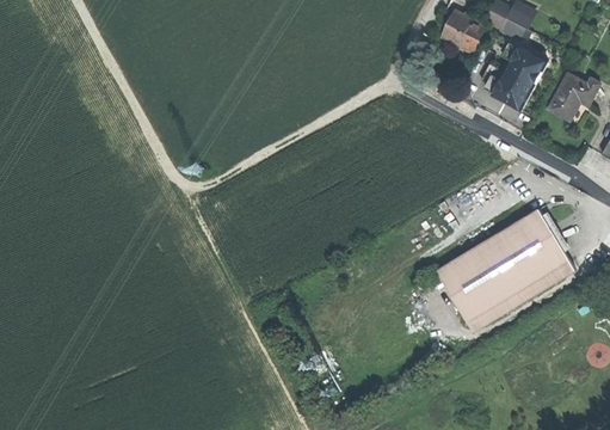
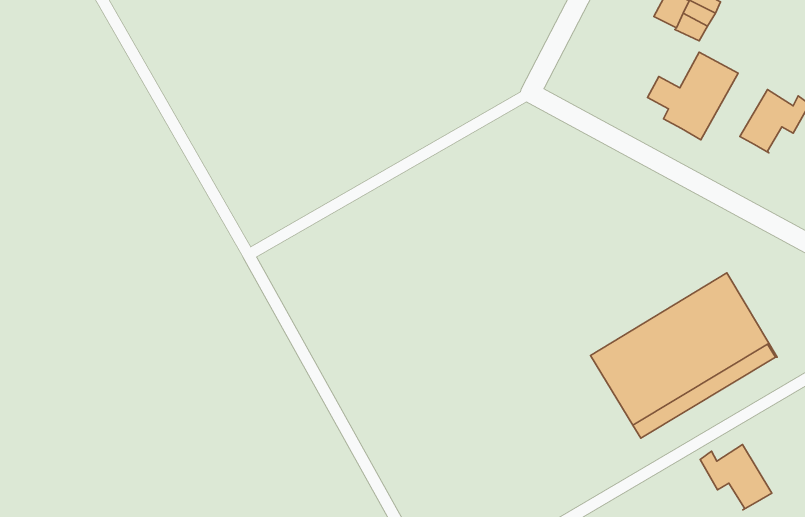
building: [442,13,482,51] -> none
building: none -> [700,445,772,510]

